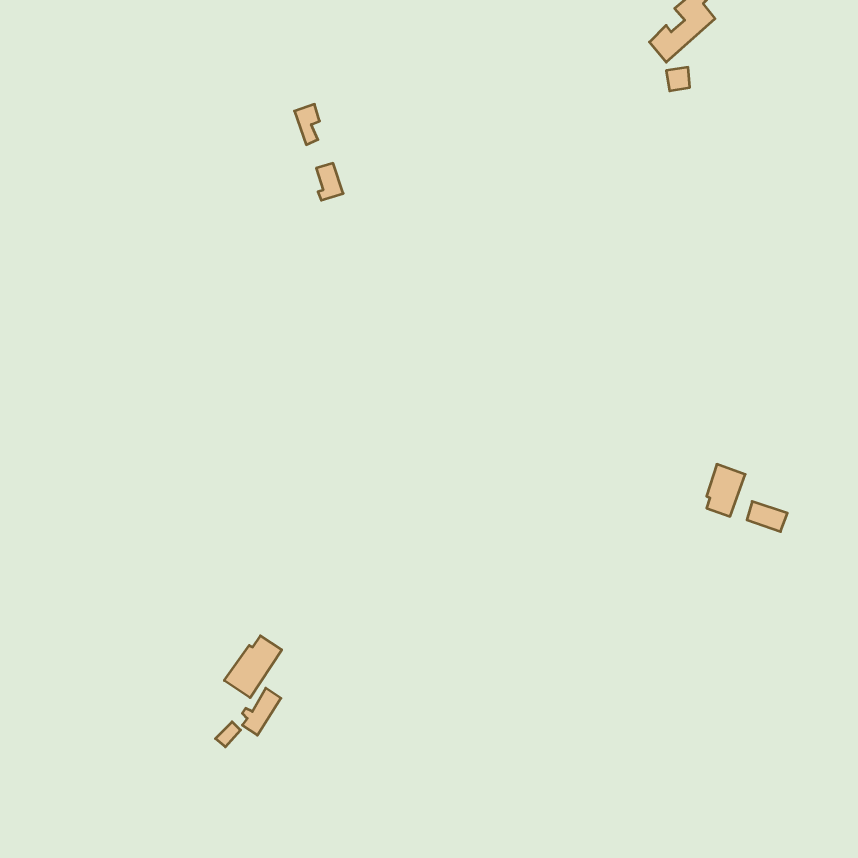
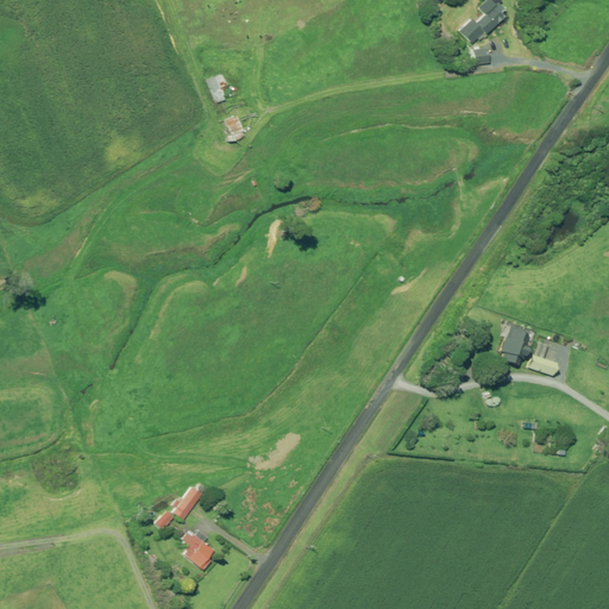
building: [224,636,282,698] -> none
building: none -> [182,530,214,570]

